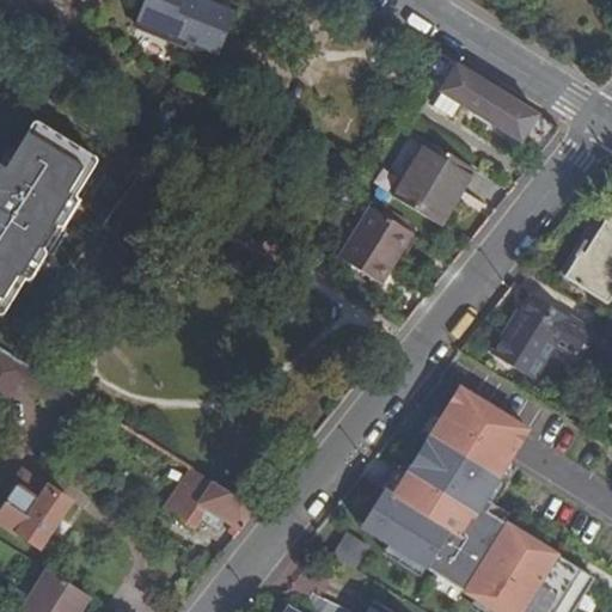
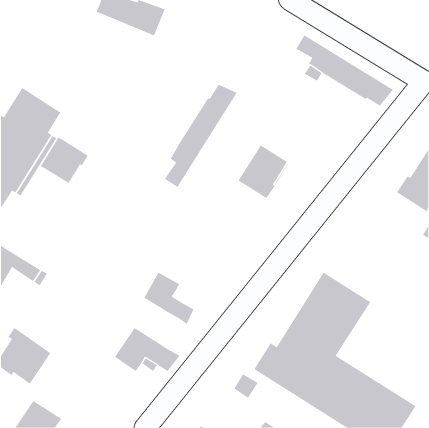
building: none -> [164,84,238,188]
building: [393,140,473,225] -> none
building: none -> [40,137,89,184]
building: [492,294,592,379] -> none
building: none -> [144,272,194,325]

